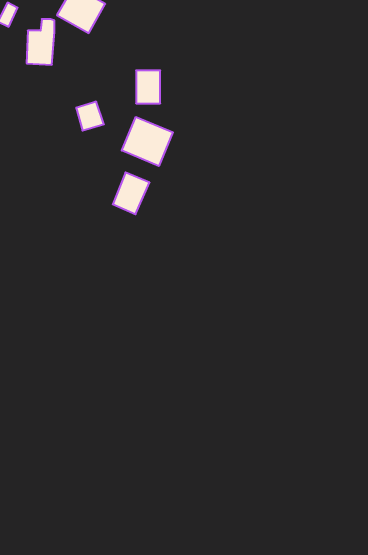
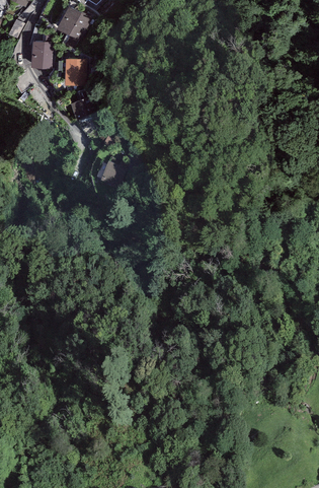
building: [136,70,160,103] -> [65,59,84,85]
building: [122,117,173,166] -> none

